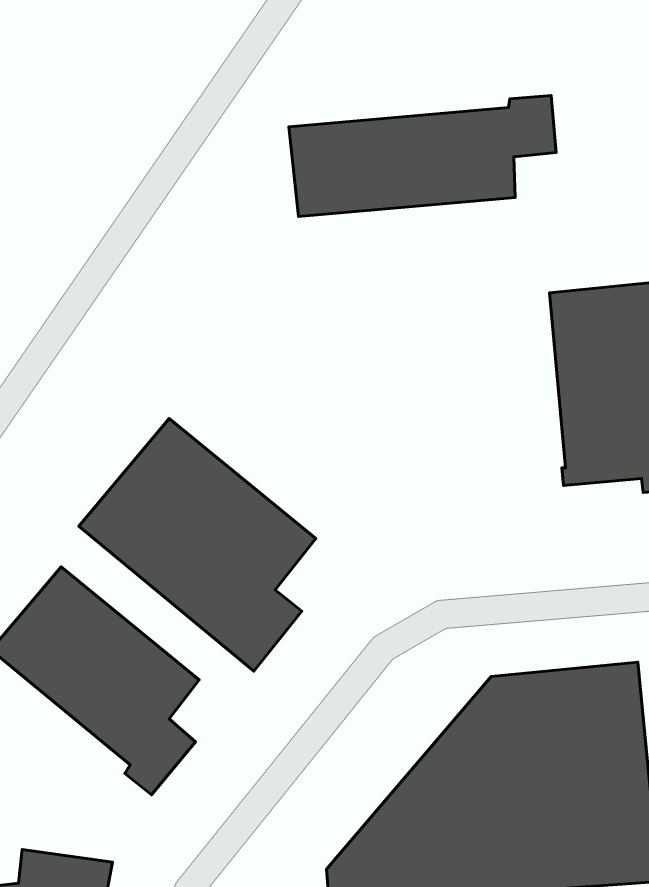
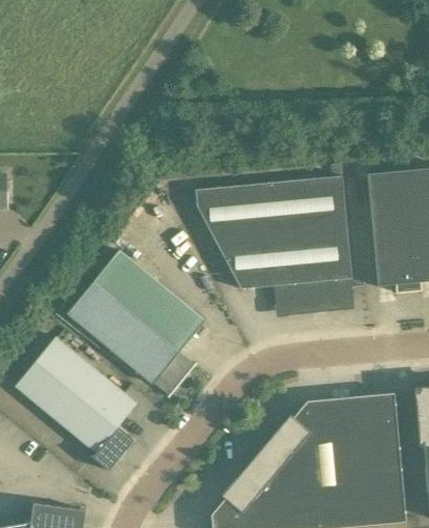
building: [289,96,556,216] -> none
building: none -> [196,176,352,314]

